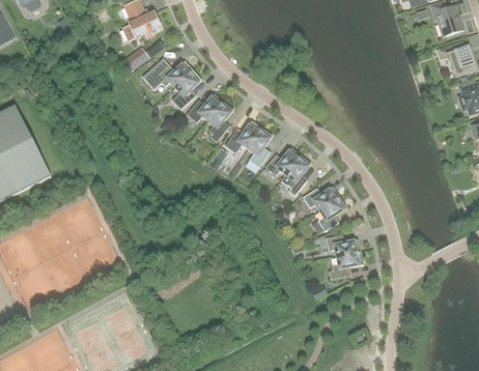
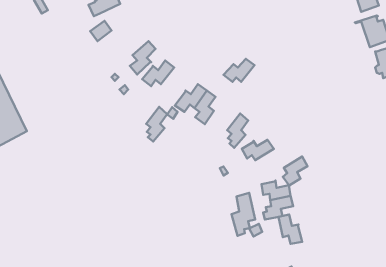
building: [142,57,193,89] -> none
building: [207,101,232,141] -> [146,107,167,141]
building: [264,147,301,174] -> [224,59,255,82]
building: [317,196,346,230] -> [283,156,308,186]
building: none -> [232,193,255,236]
building: none -> [279,215,302,244]

